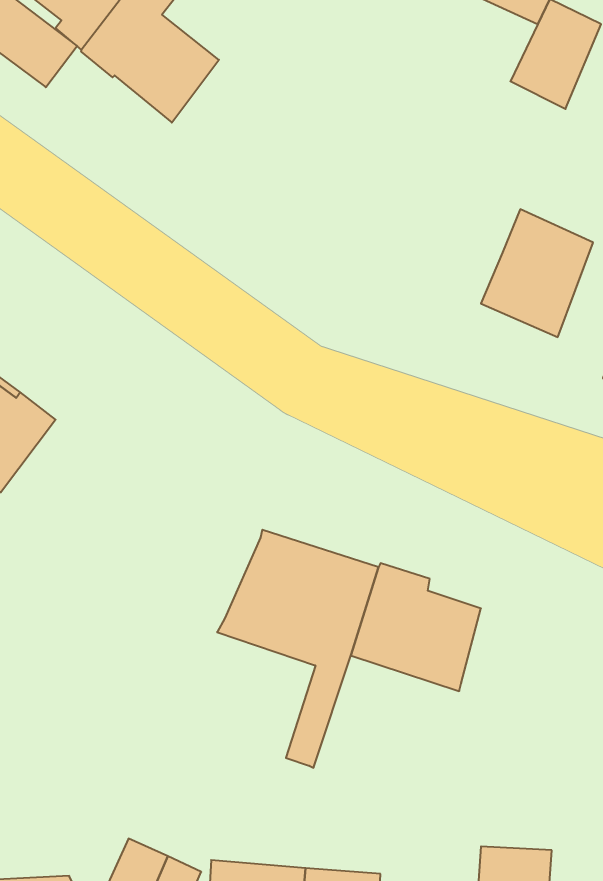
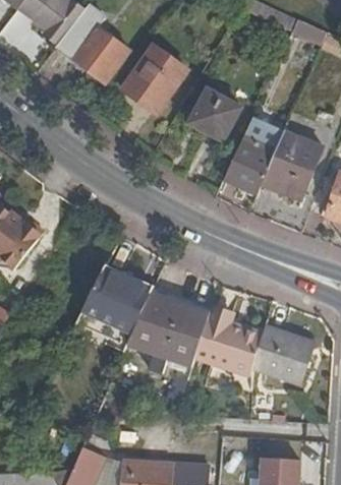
building: none -> [123,48,185,113]
building: none -> [185,87,237,138]
building: none -> [223,134,274,188]
building: none -> [81,269,149,338]
building: none -> [252,328,315,384]

